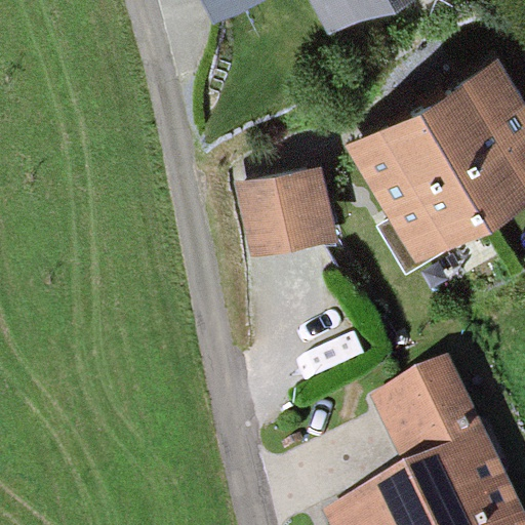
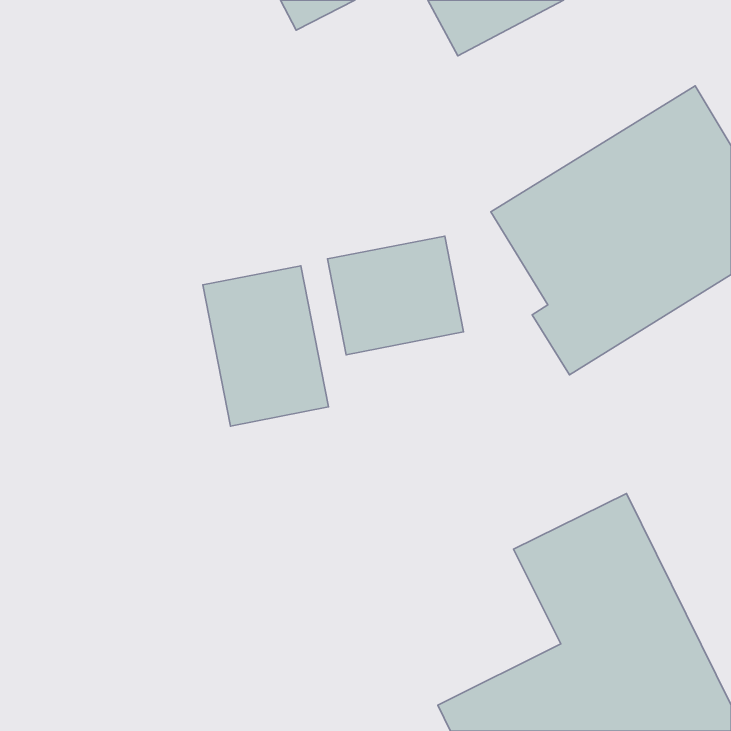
building: none -> [203,266,328,426]

